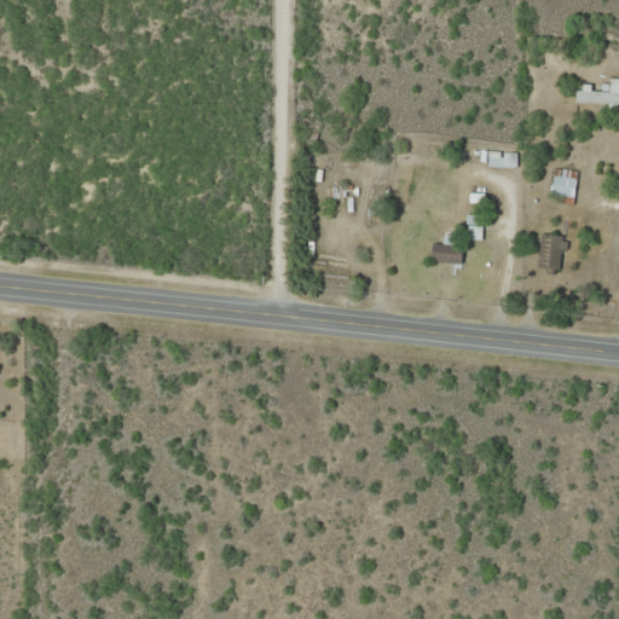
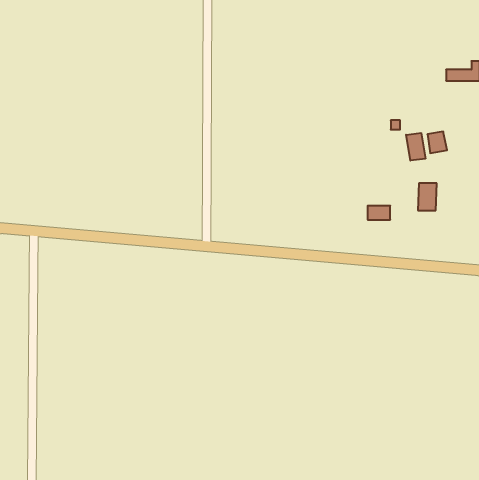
building: none -> [406,133,425,161]
building: [432,244,461,262] -> [368,206,390,220]

